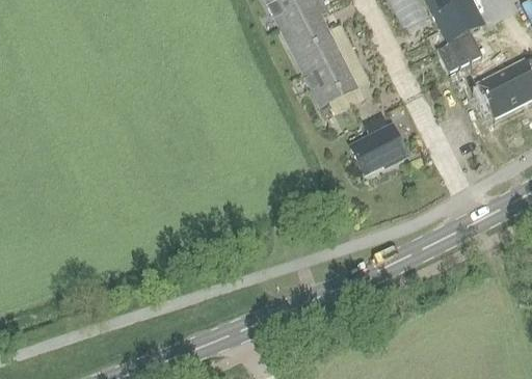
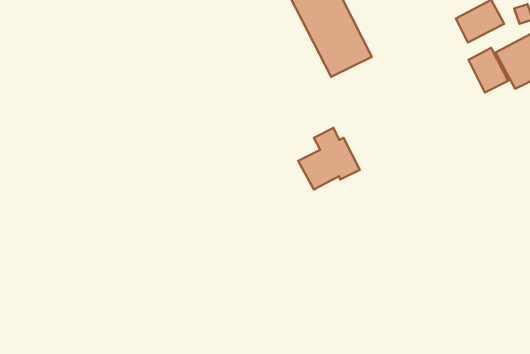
building: none -> [469,48,508,92]
building: [350,116,408,174] -> [298,128,360,190]

